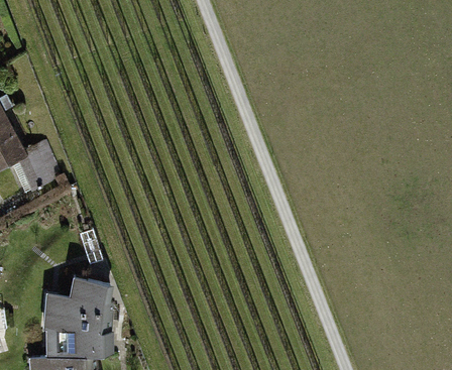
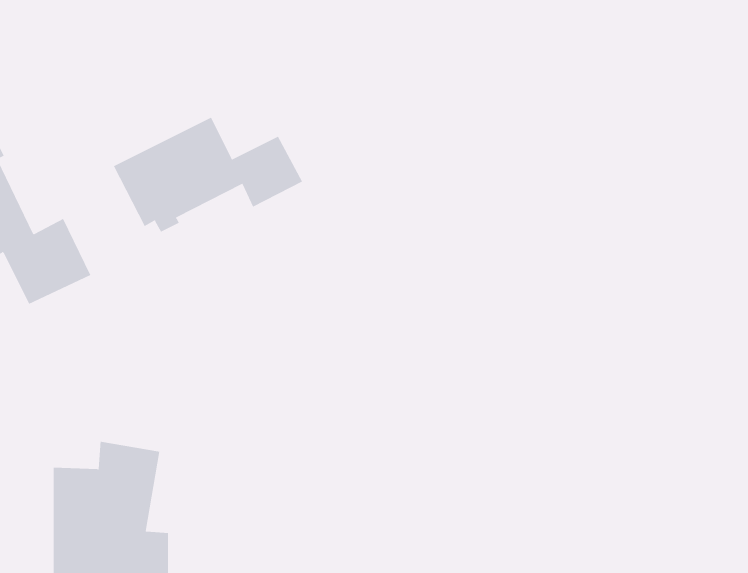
building: none -> [113,117,303,232]

